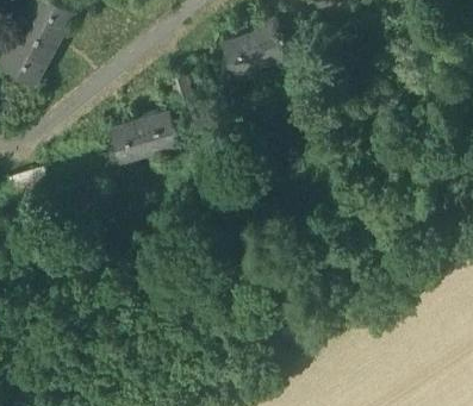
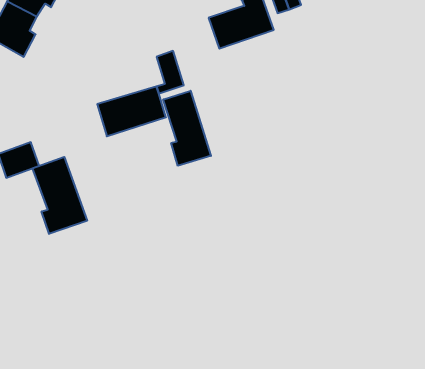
building: none -> [163,91,211,166]
building: none -> [33,157,87,234]

